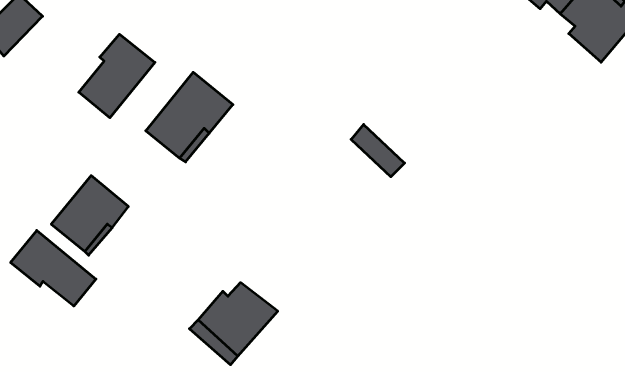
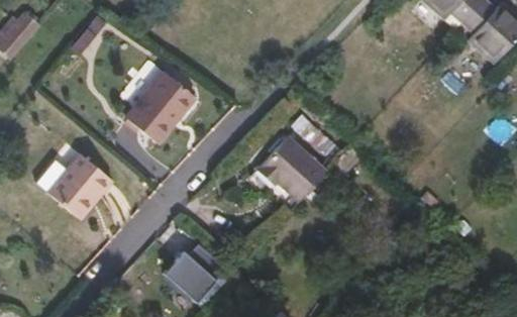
building: [79,34,155,118] -> none
building: none -> [256,135,326,201]
building: [11,230,96,306] -> none

